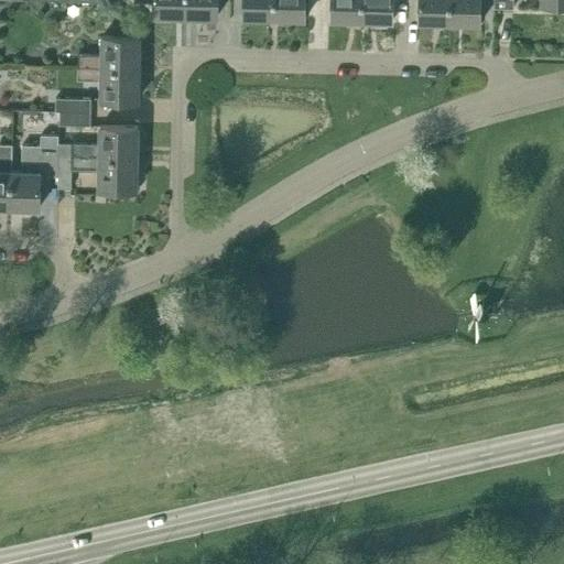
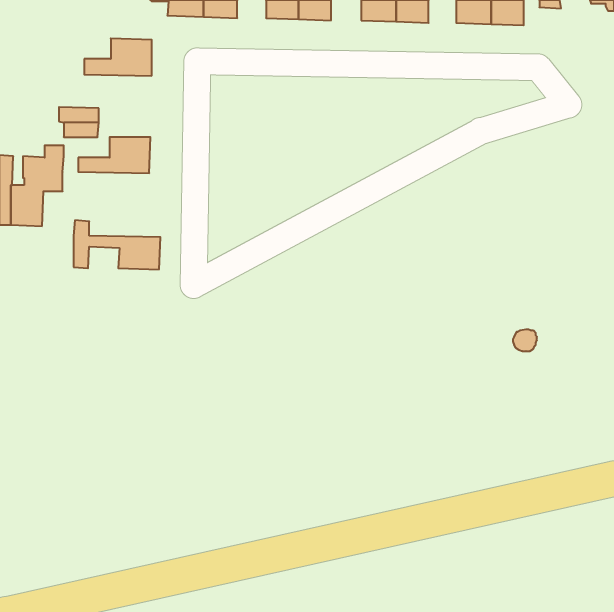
building: [77,70,139,101] -> none
building: [57,145,137,191] -> [74,220,160,269]

